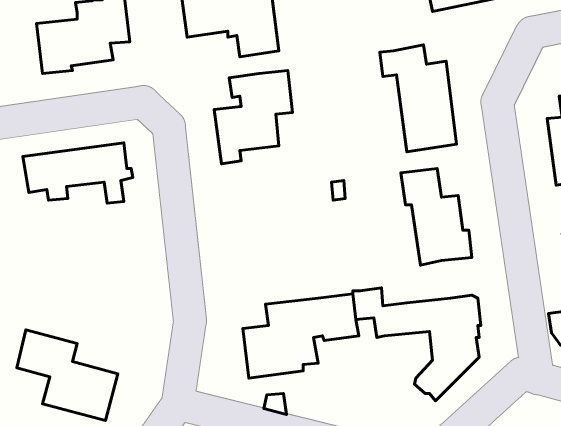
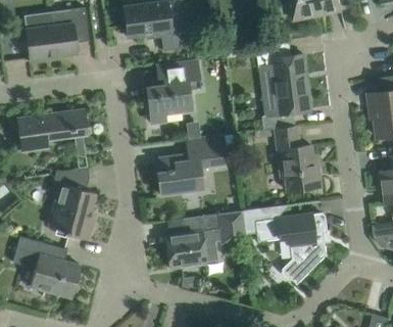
building: none -> [157,137,223,195]
building: none -> [51,168,95,240]

